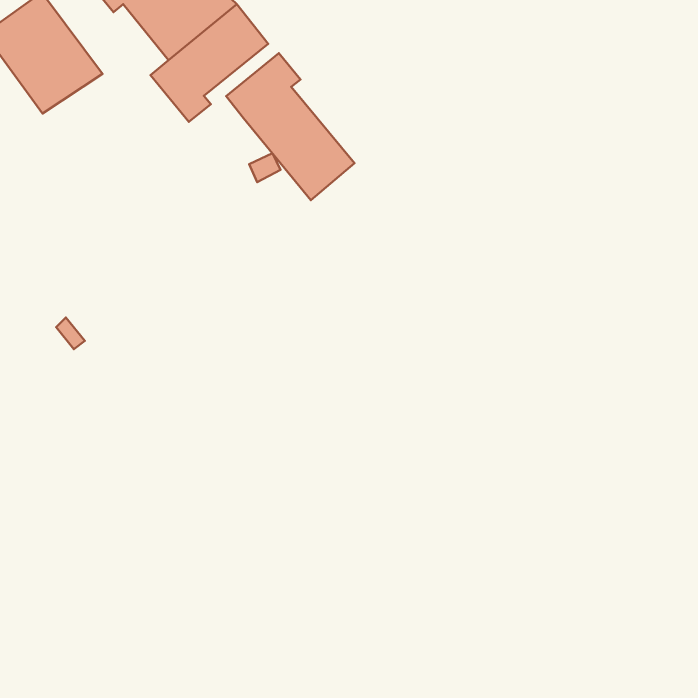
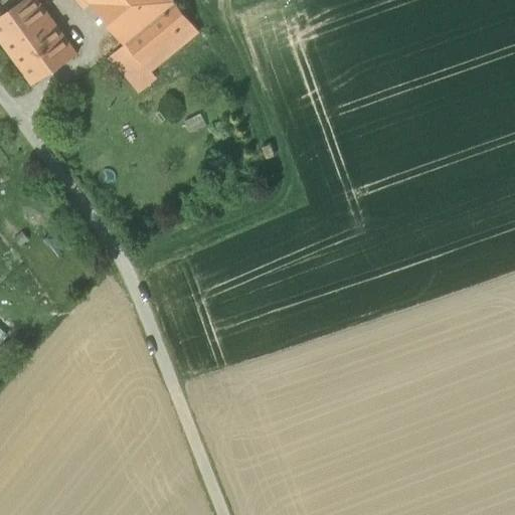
building: [226,53,354,200] -> none

